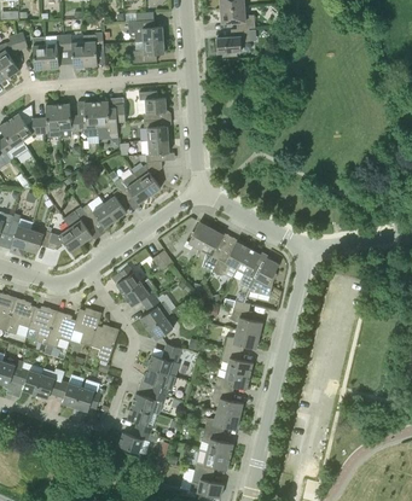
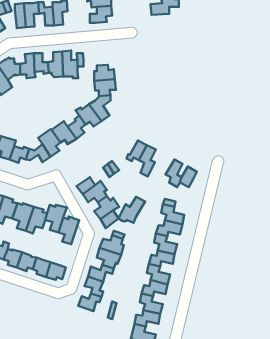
building: [139,91,167,121] -> none
building: [213,241,249,276] -> [118,197,145,223]

